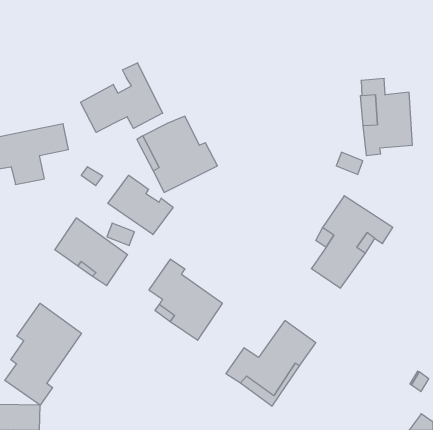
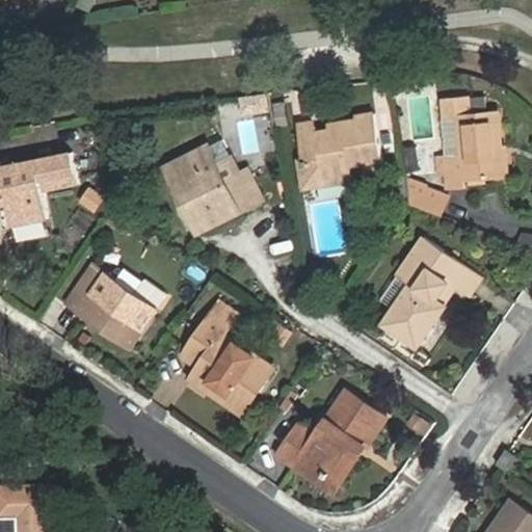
building: [81,63,163,132] -> none
building: none -> [295,113,376,181]
building: [108,175,173,235] -> none
building: [5,303,81,405] -> none

